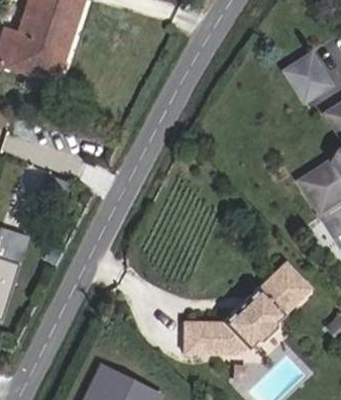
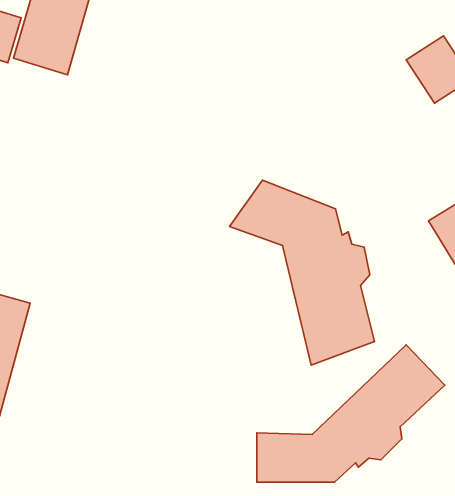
building: none -> [229,180,375,365]

